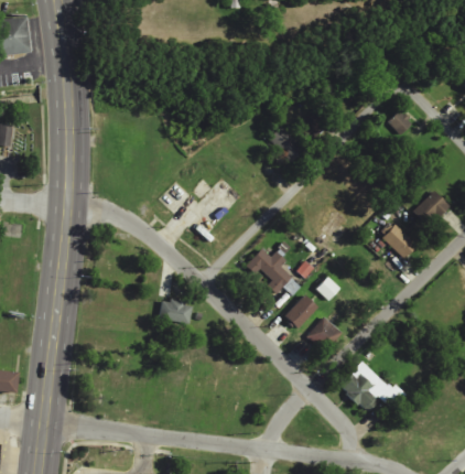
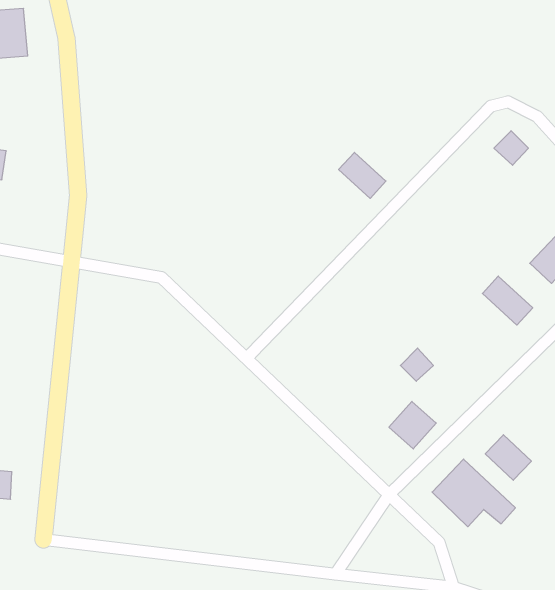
building: [248,248,300,295] -> none
building: [284,294,317,328] -> none
building: [160,300,192,323] -> none
building: none -> [485,435,531,480]

